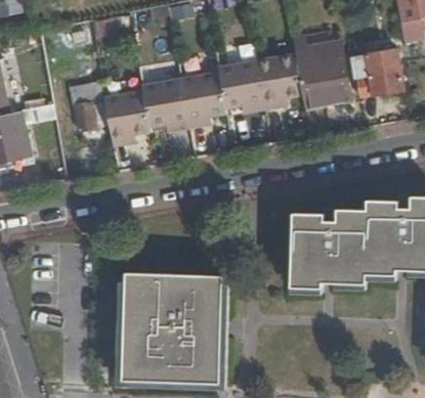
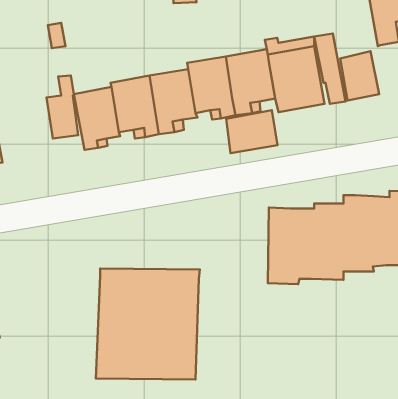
building: none -> [226,110,277,153]
building: [115,275,230,386] -> none

